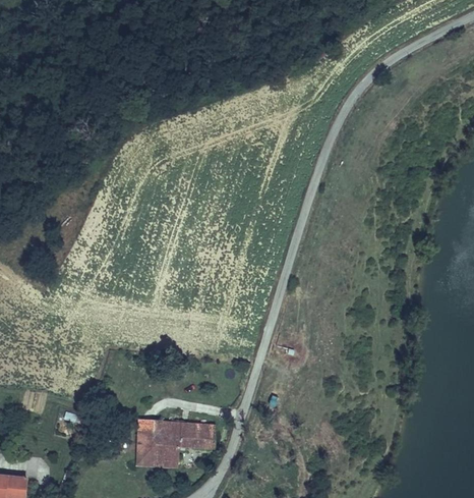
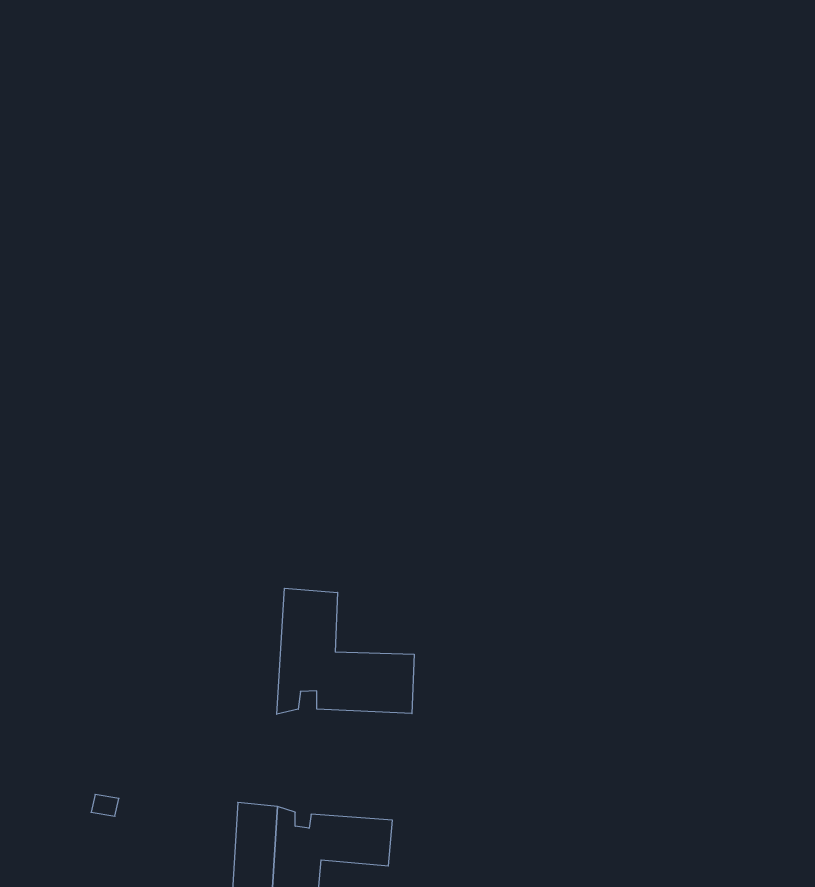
building: none -> [277,588,414,714]

